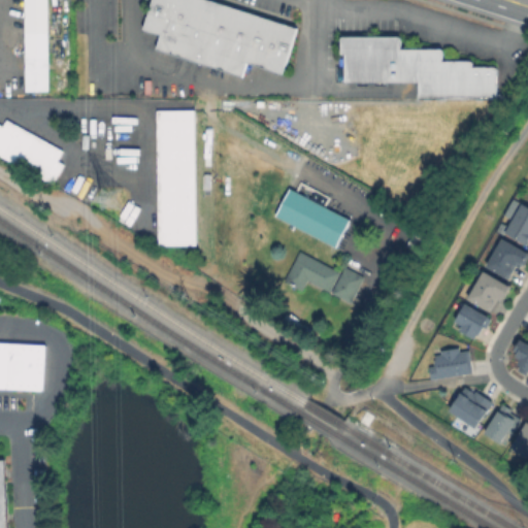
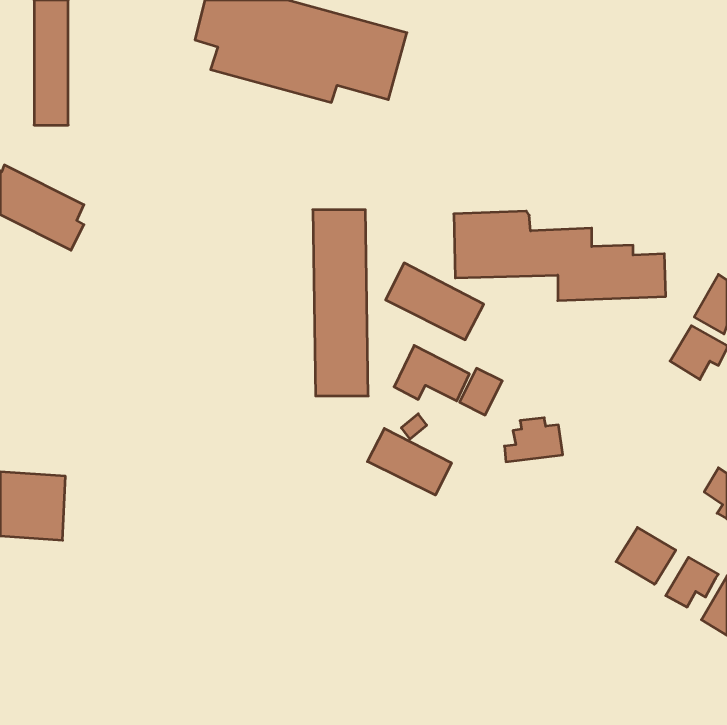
building: [344,37,498,102] -> [454,211,666,301]
building: [154,110,194,245] -> [313,210,368,396]
building: [466,270,507,307] -> none
building: [453,300,489,339] -> none
building: none -> [367,428,451,495]
building: [429,345,471,377] -> [504,418,563,462]

